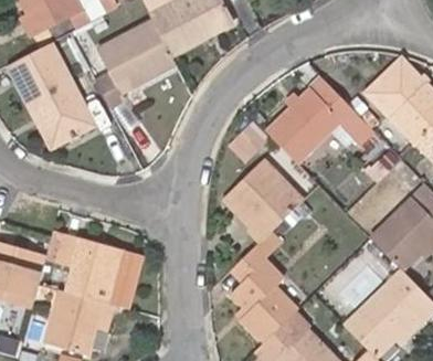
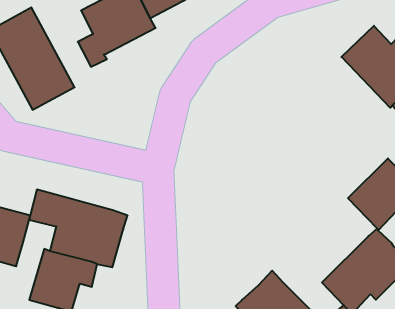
building: [266,77,360,161] -> none
building: [223,159,303,242] -> none
building: [230,247,297,342] -> none

